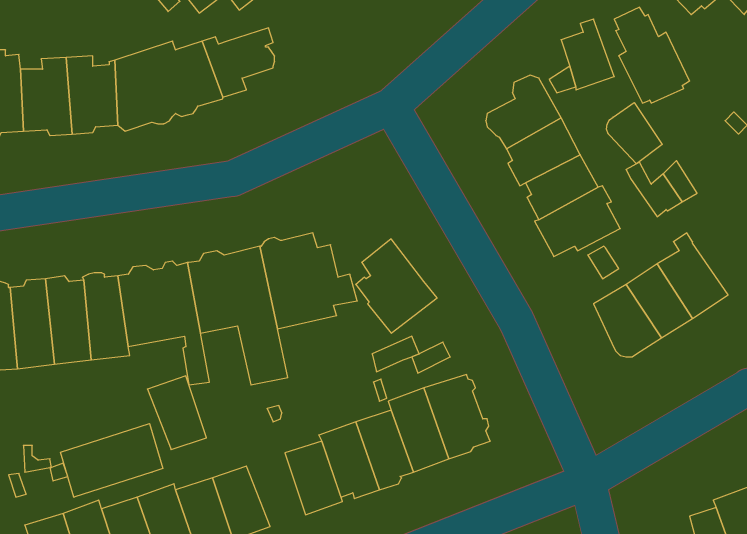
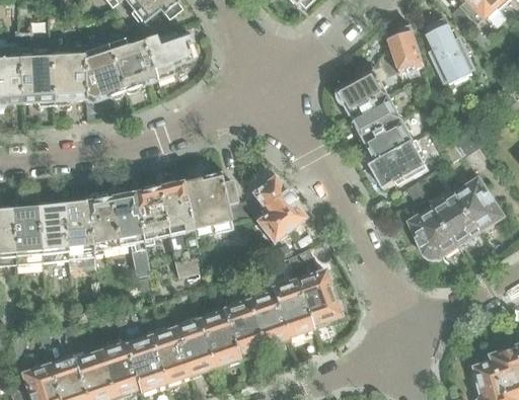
building: [606,103,662,164] -> none
building: [147,376,206,450] -> [172,323,213,374]
building: [60,424,163,497] -> none

